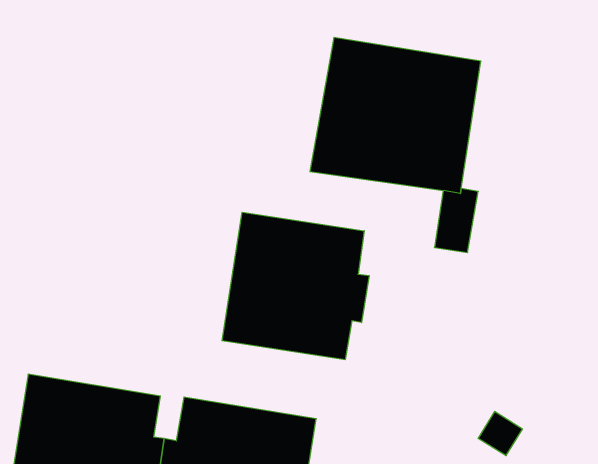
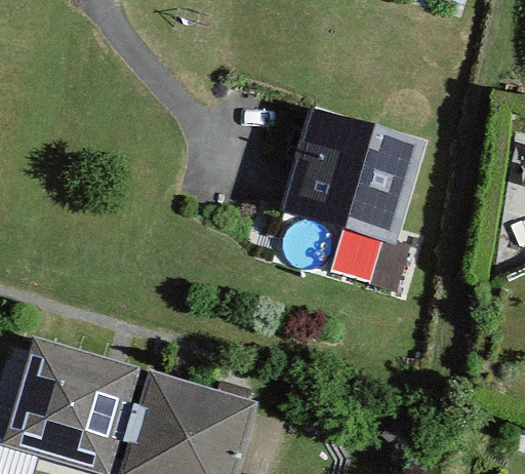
building: [222,212,369,360] -> none

